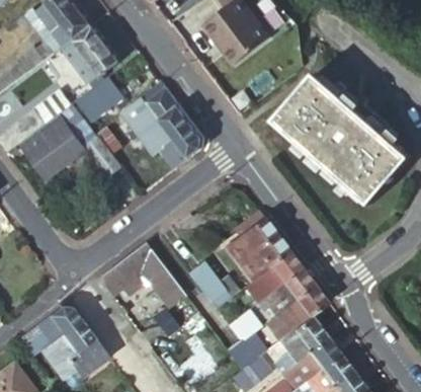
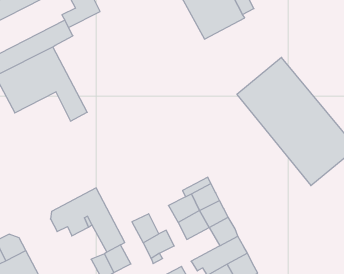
building: [76,81,118,123] -> none
building: [123,83,203,169] -> none
building: [242,265,283,304] -> none

